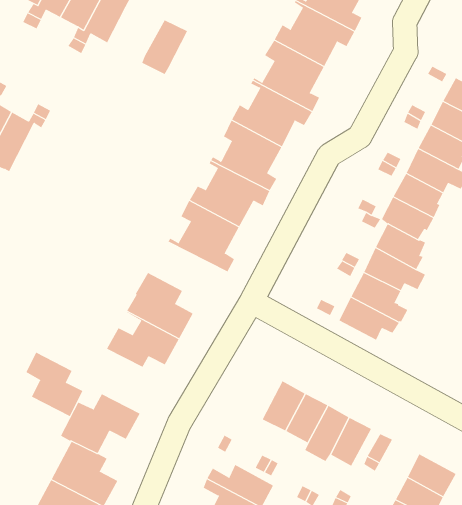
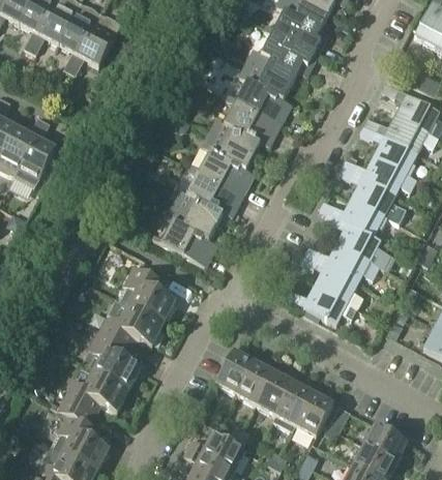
building: [142,19,188,75] -> none
building: none -> [14,136,57,188]
building: [25,352,83,417] -> [90,333,141,390]
building: none -> [214,350,254,395]

